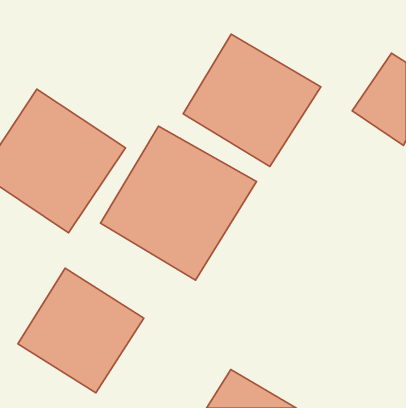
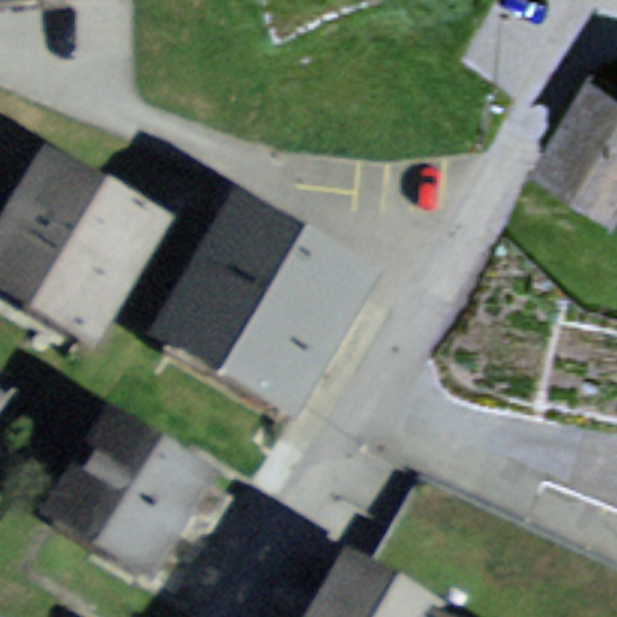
building: [183,34,321,167] -> none

